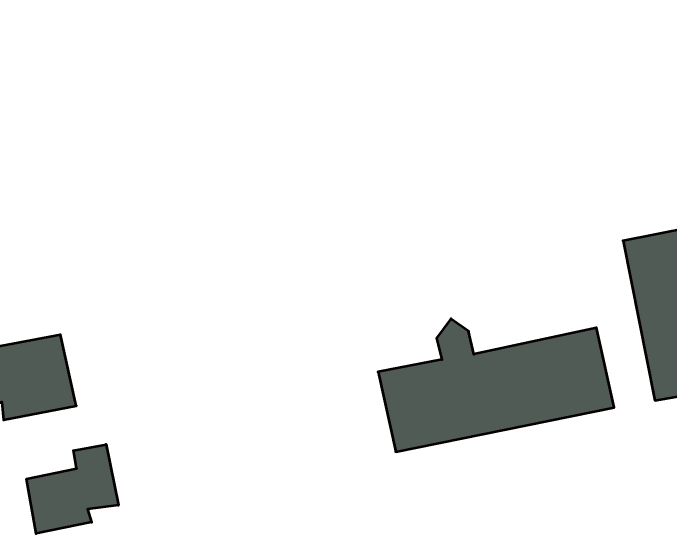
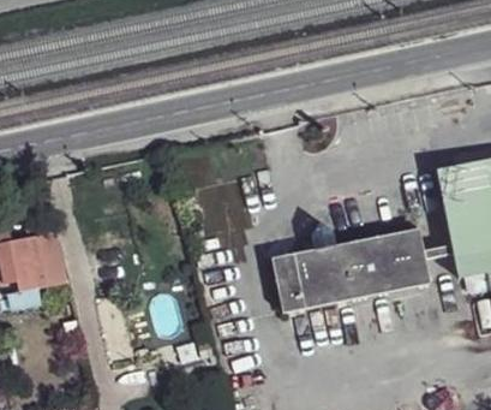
building: [27,444,118,534] -> none

